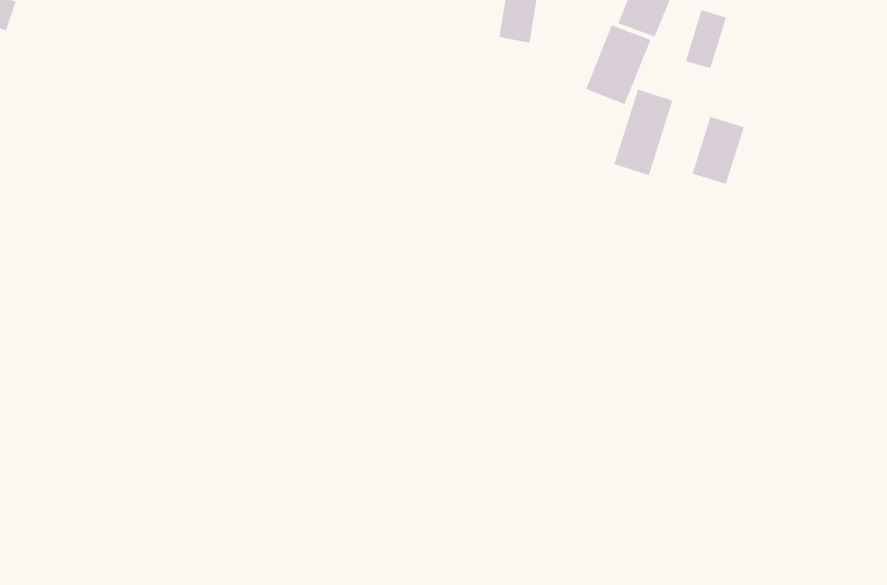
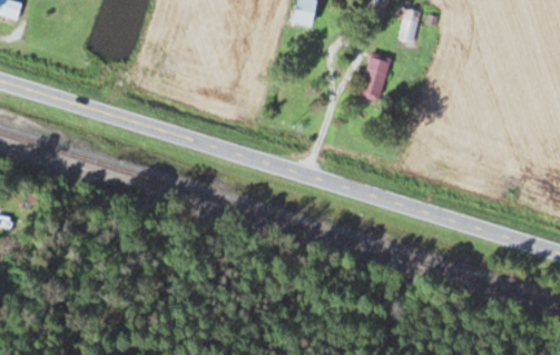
building: [585,24,651,105] -> none
building: [692,116,744,185] -> none

